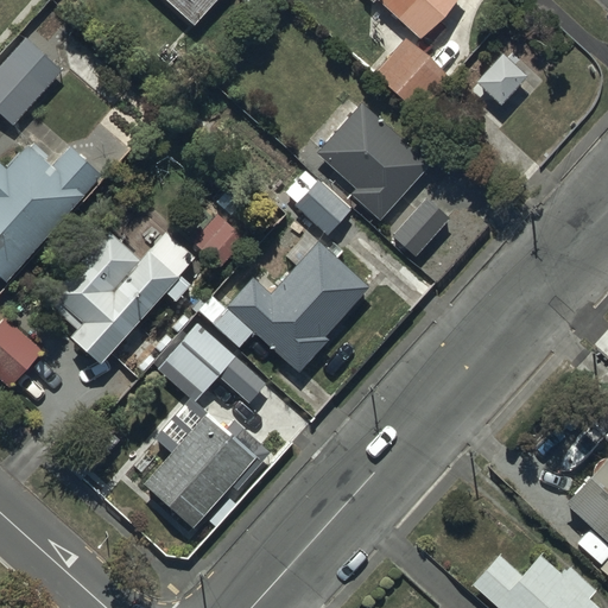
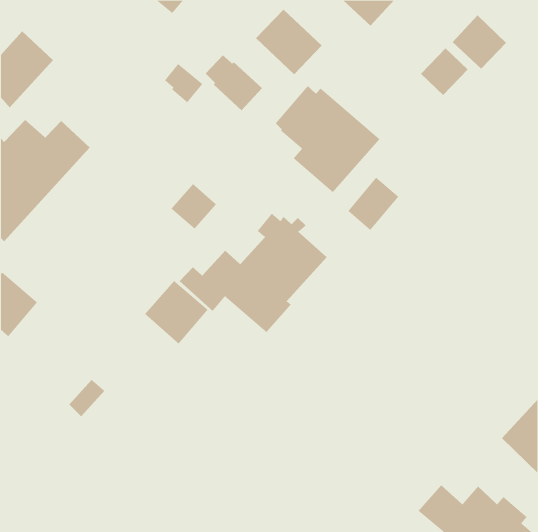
building: none -> [452,14,507,69]
building: [374,39,450,114] -> [255,9,322,75]
building: [285,172,350,236] -> [205,54,263,111]
building: [44,228,194,361] -> none
building: [145,405,256,525] -> none

